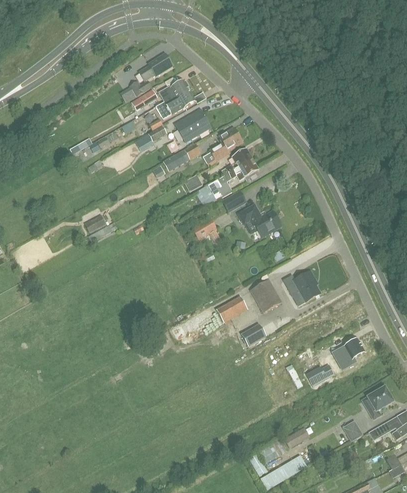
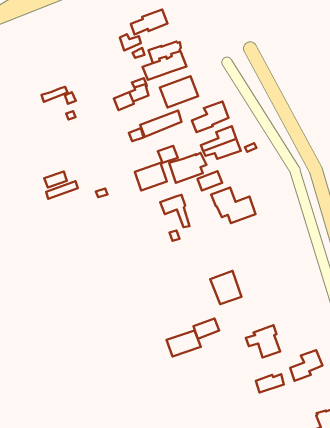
building: none -> [135,163,167,191]
building: [286,270,319,301] -> [246,325,280,357]
building: [215,296,247,323] -> [167,330,201,356]

